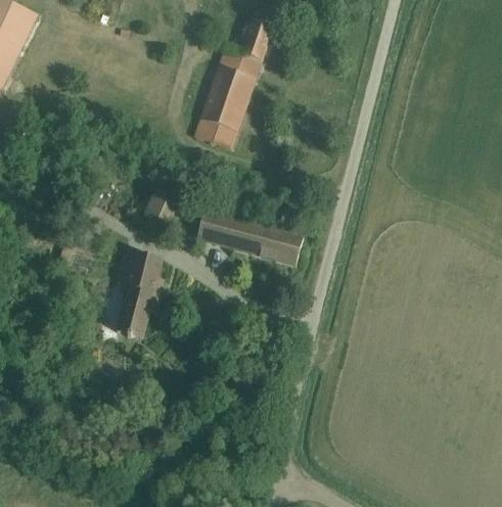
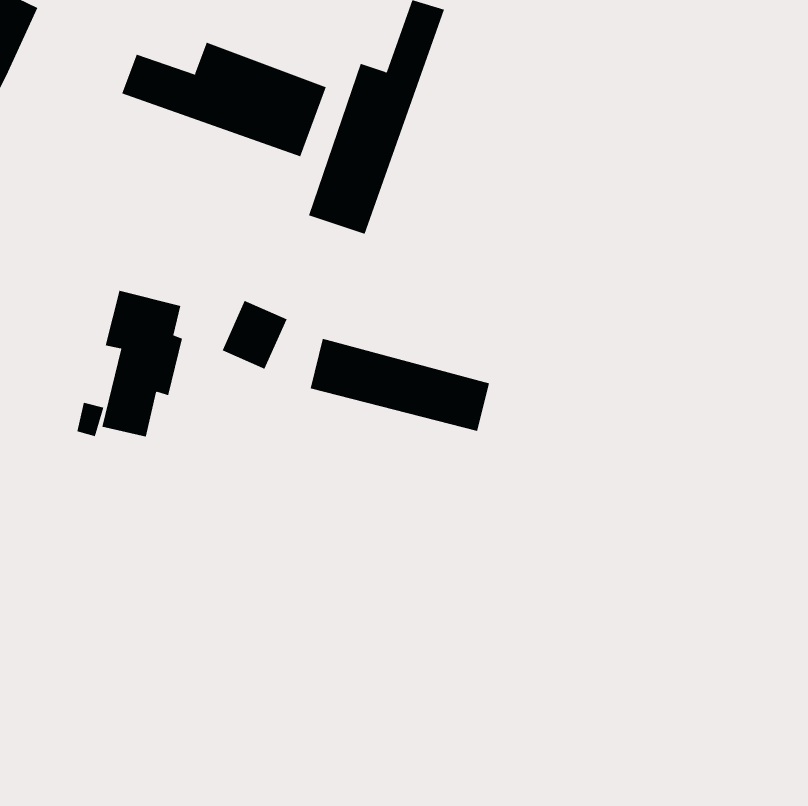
building: none -> [121,42,327,157]
building: [117,248,165,335] -> [102,290,183,437]

